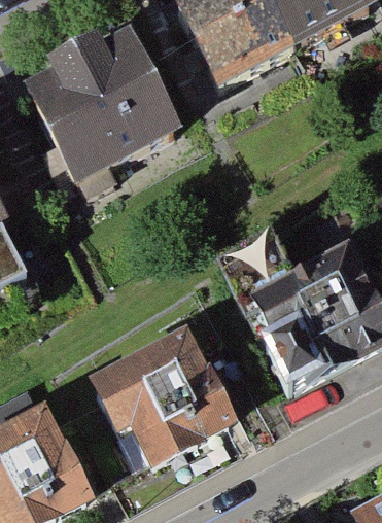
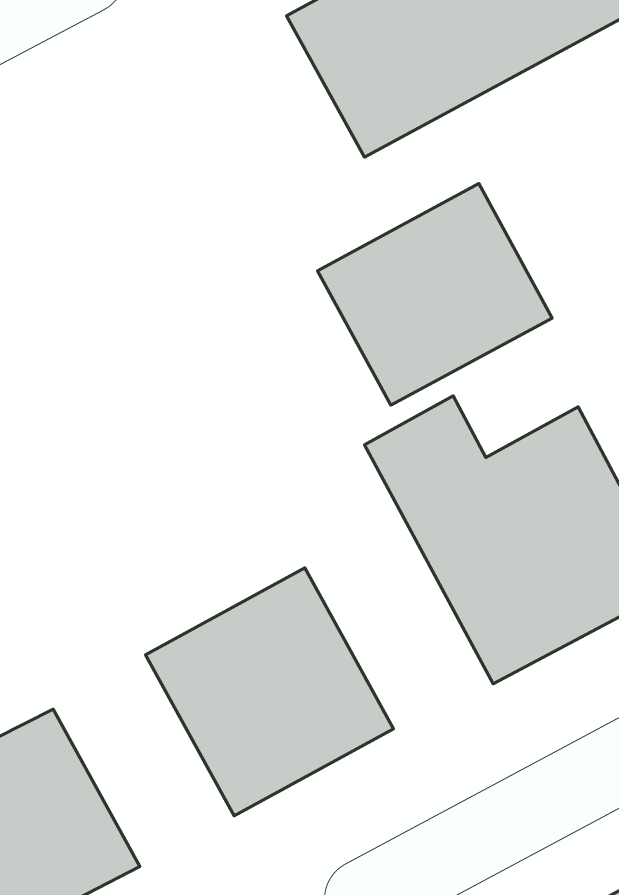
building: [31,30,185,184] -> none
building: none -> [317,184,552,405]

